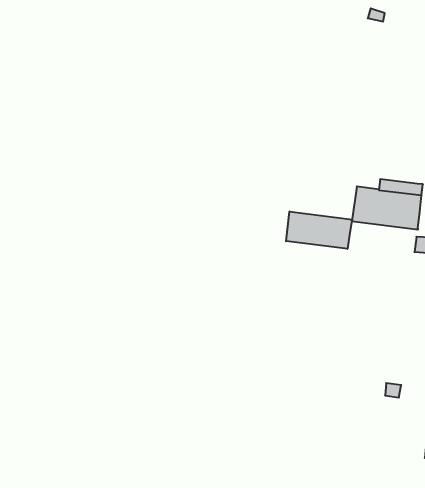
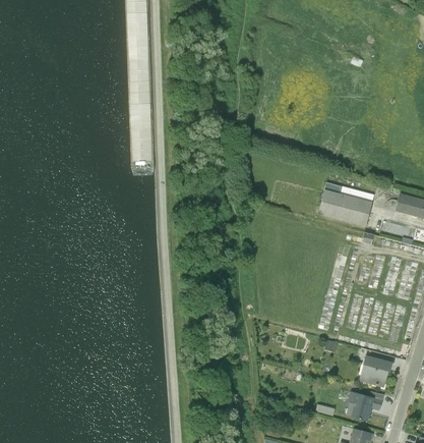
building: [286,211,352,249] -> none

